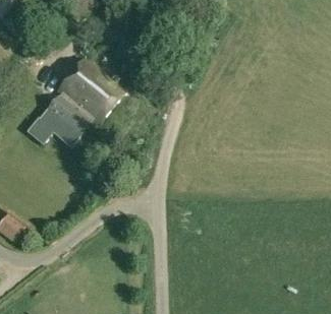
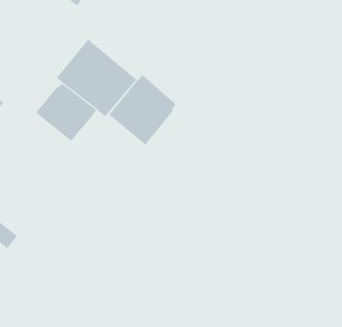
building: none -> [108,74,176,145]

